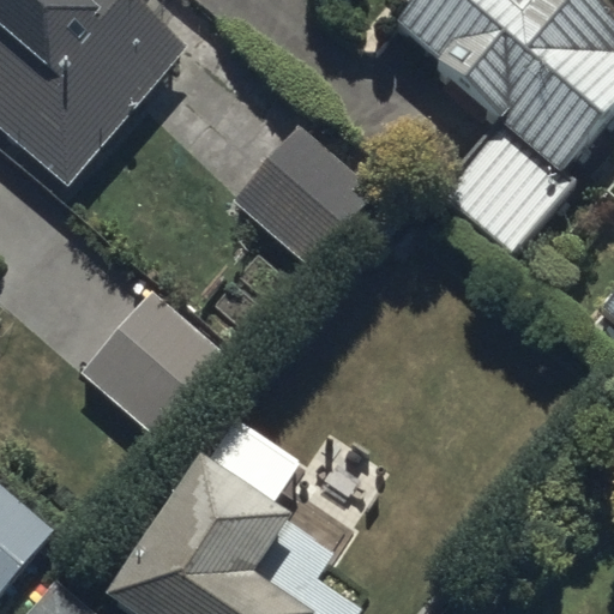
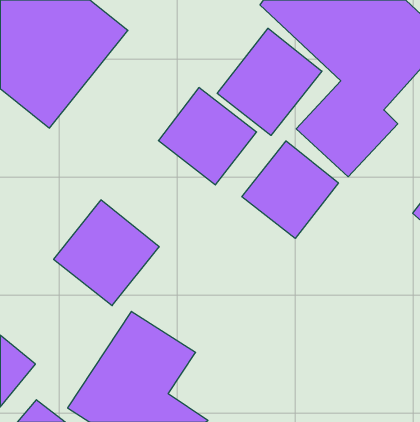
building: none -> [217,28,322,135]
building: none -> [242,141,338,238]

